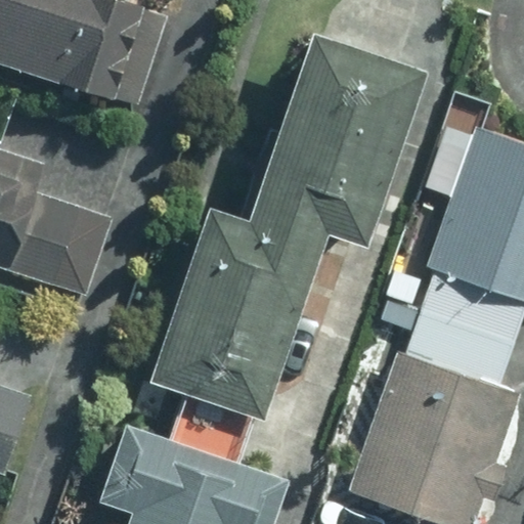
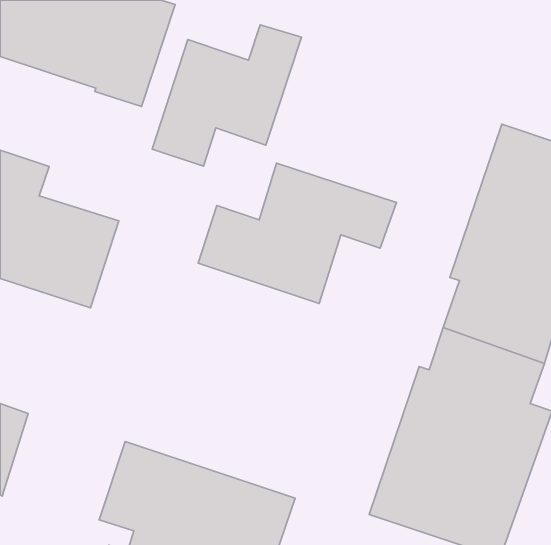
building: [265,31,422,201] -> none
building: none -> [152,25,302,166]
building: [150,258,305,419] -> none

